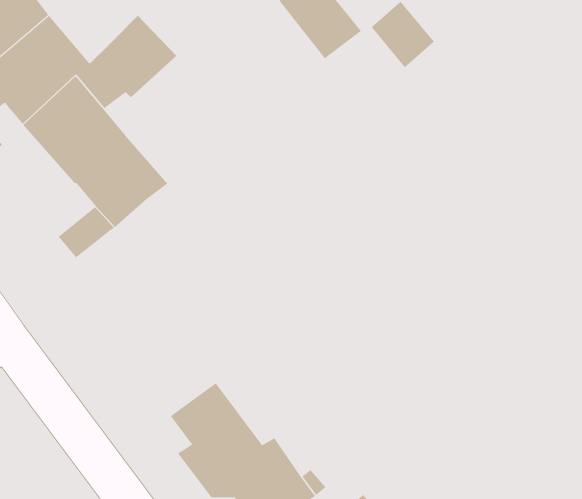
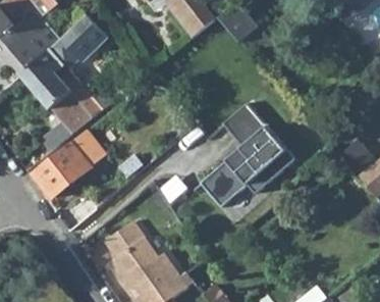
building: none -> [199,103,293,207]
building: none -> [32,130,106,198]

